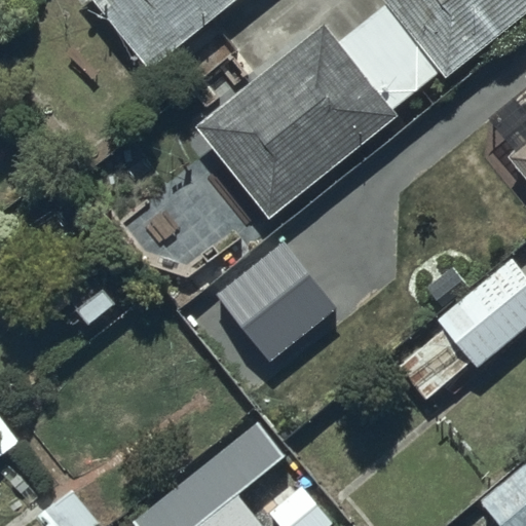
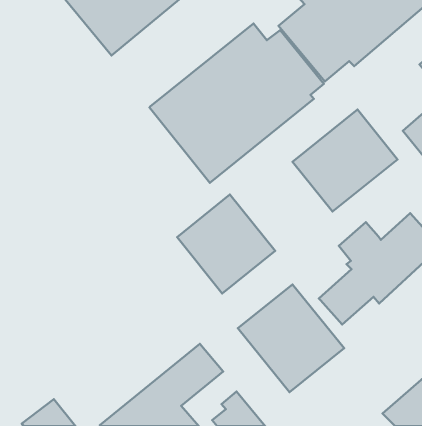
building: none -> [292,110,398,212]
building: none -> [238,284,344,392]

